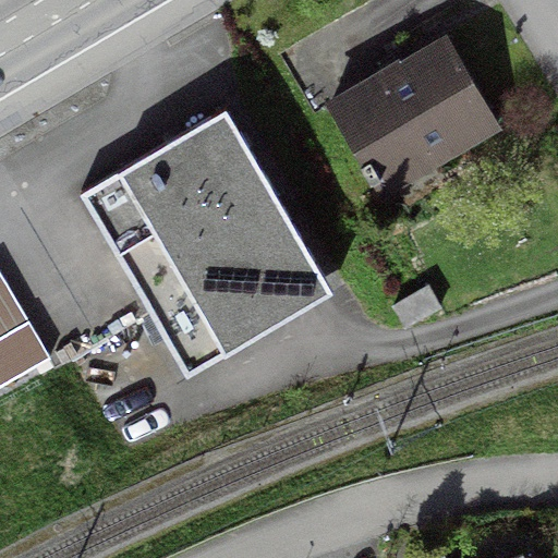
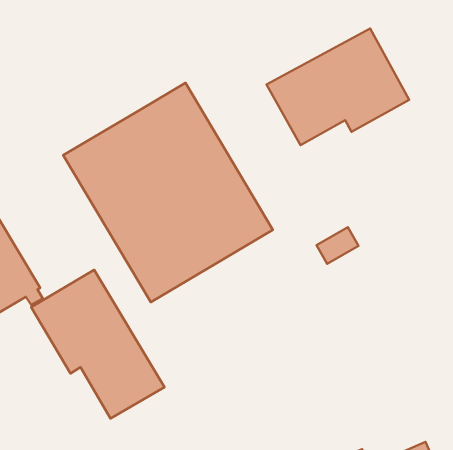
building: none -> [31,270,165,419]

